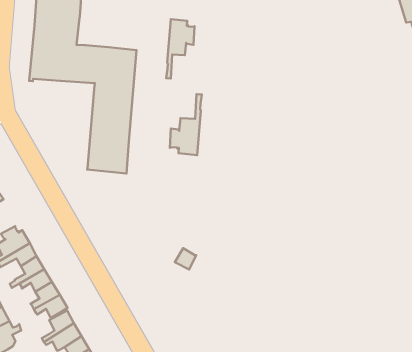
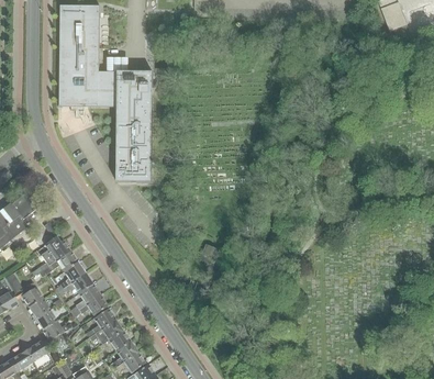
building: [166,19,195,78] -> none
building: [170,94,202,155] -> none

